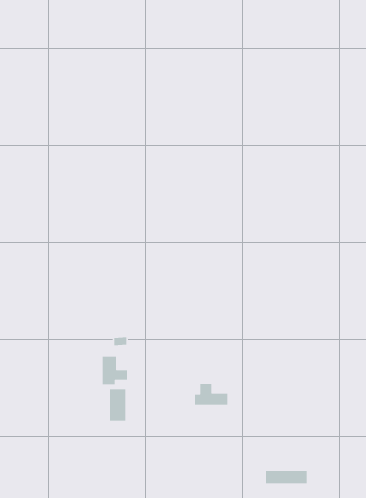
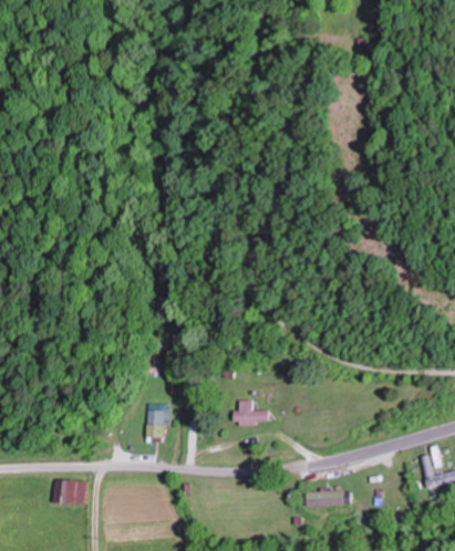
building: [102,356,128,385] -> none
building: none -> [54,480,85,502]

